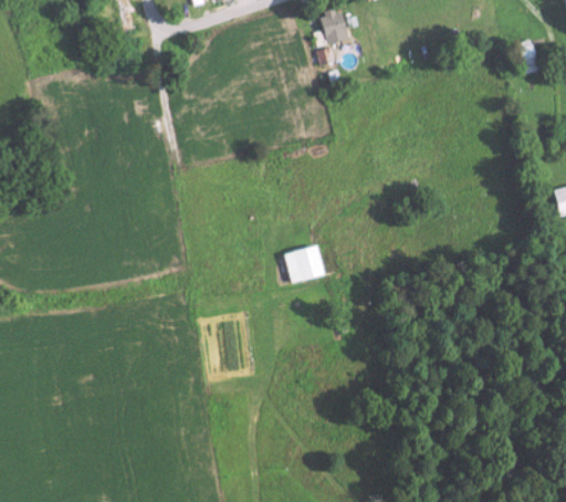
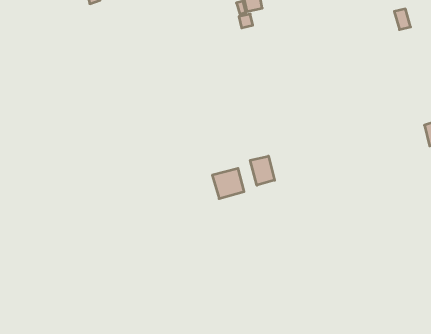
building: none -> [250,156,275,185]

